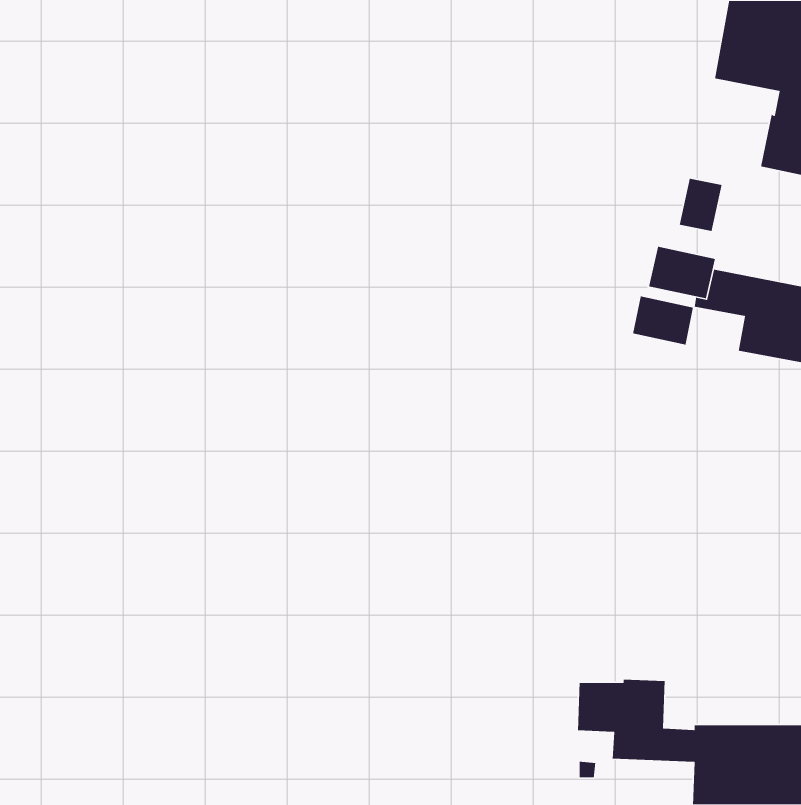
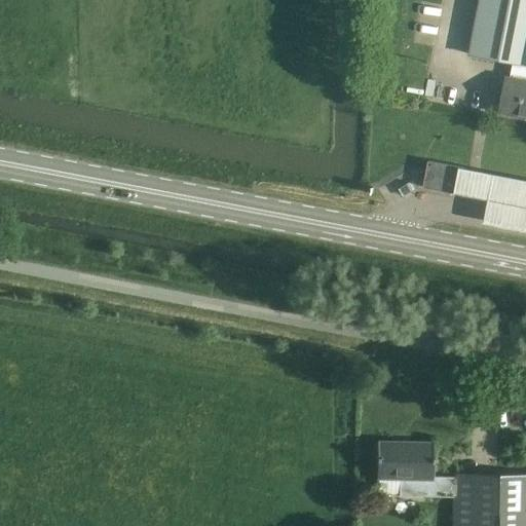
building: [679,178,723,232] -> none
building: [632,296,694,345] -> none

